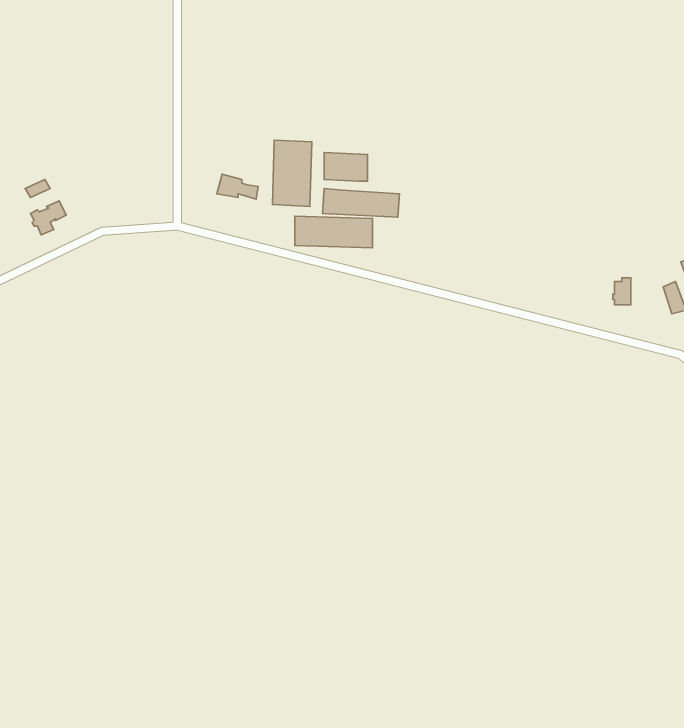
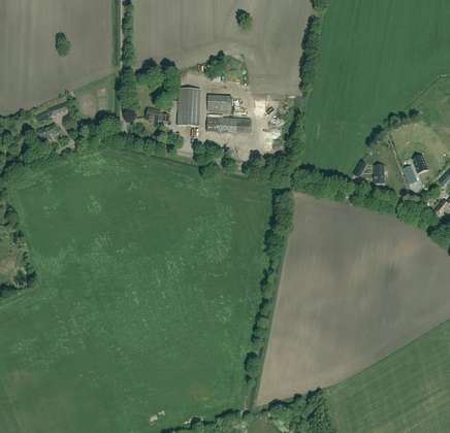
building: [295,216,372,248] -> none

